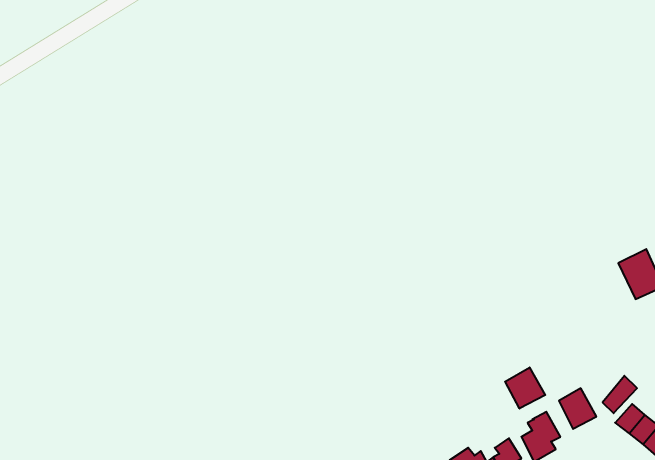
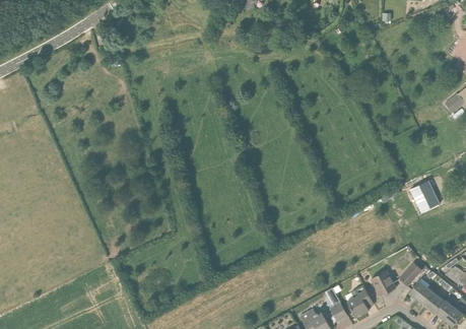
building: [505,367,545,409] -> none

